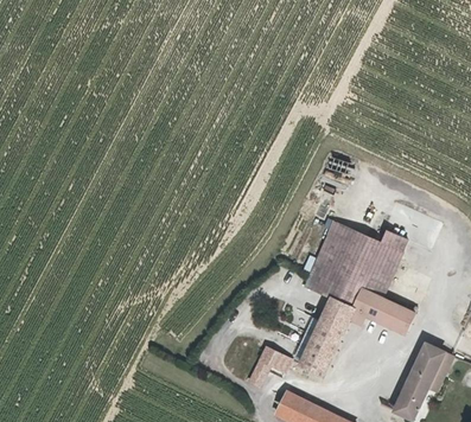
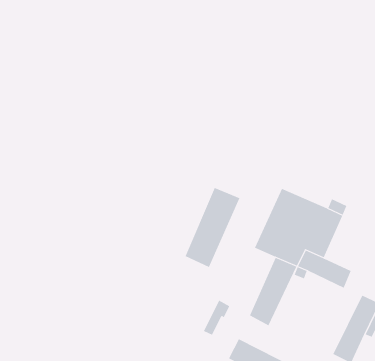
building: none -> [185,187,240,268]

